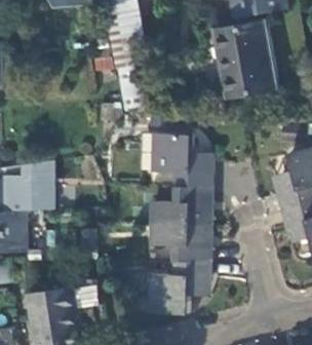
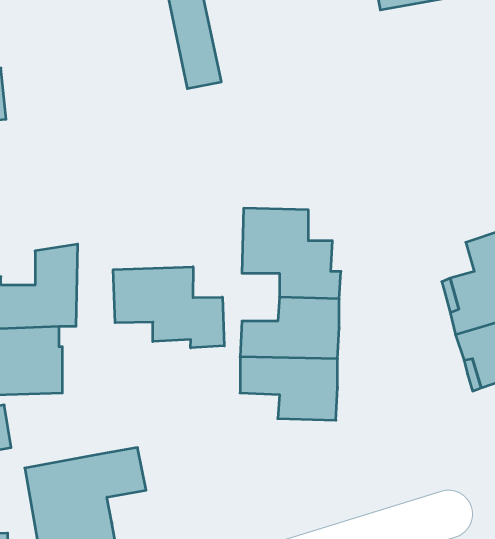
building: [203,23,279,100] -> none
building: none -> [113,267,224,348]
building: [150,262,208,315] -> none

